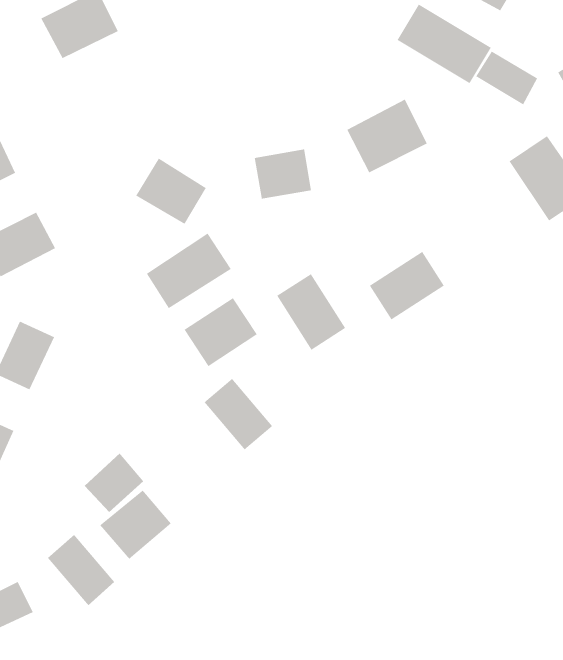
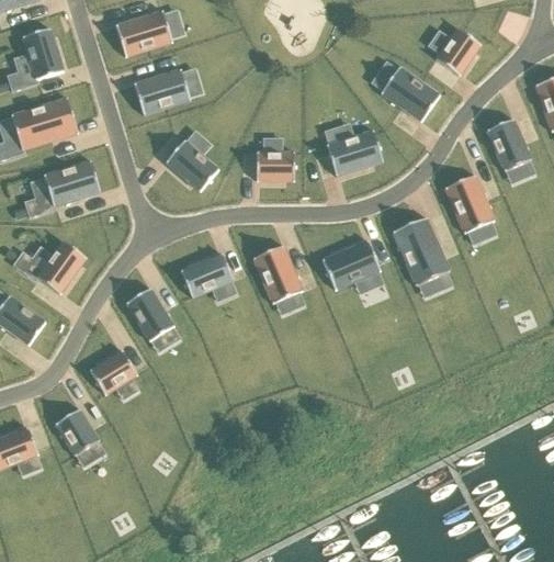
building: [475,51,538,106] -> none
building: none -> [132,69,192,115]
building: none -> [392,217,448,286]
building: [146,233,232,309] -> none
building: [203,378,273,450] -> [124,283,172,338]
building: [99,490,172,560] -> none

